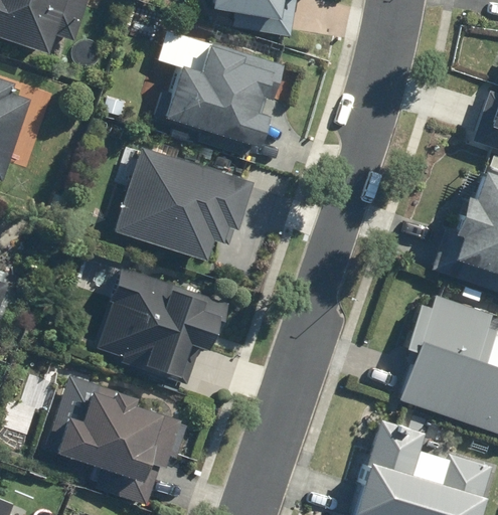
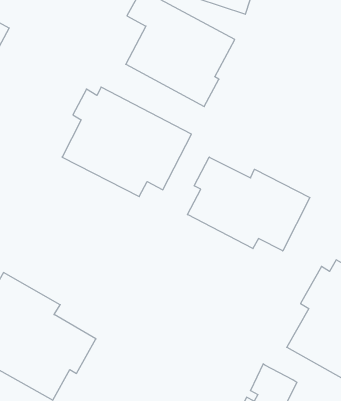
building: none -> [187,157,310,251]
building: [96,268,227,379] -> none

